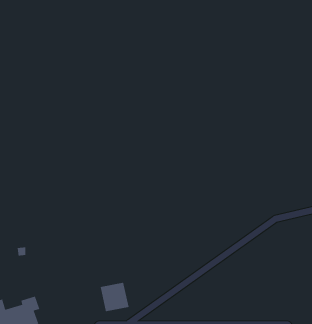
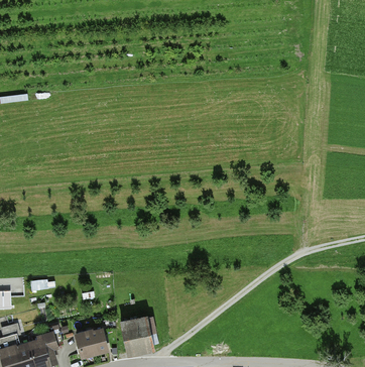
building: none -> [76,326,106,355]

